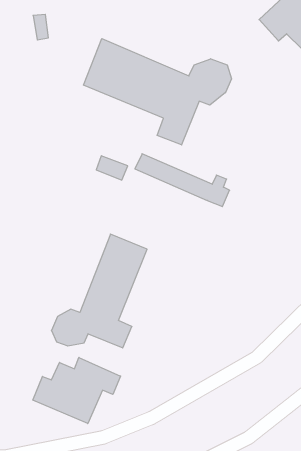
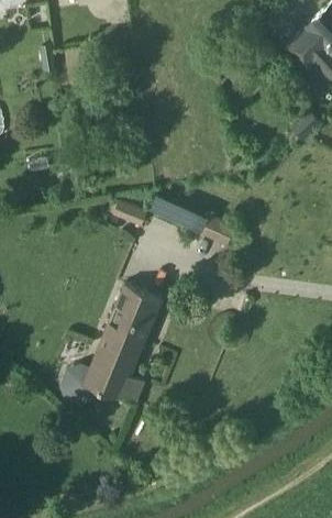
building: [84,39,232,145] -> none
building: [33,357,121,424] -> none

